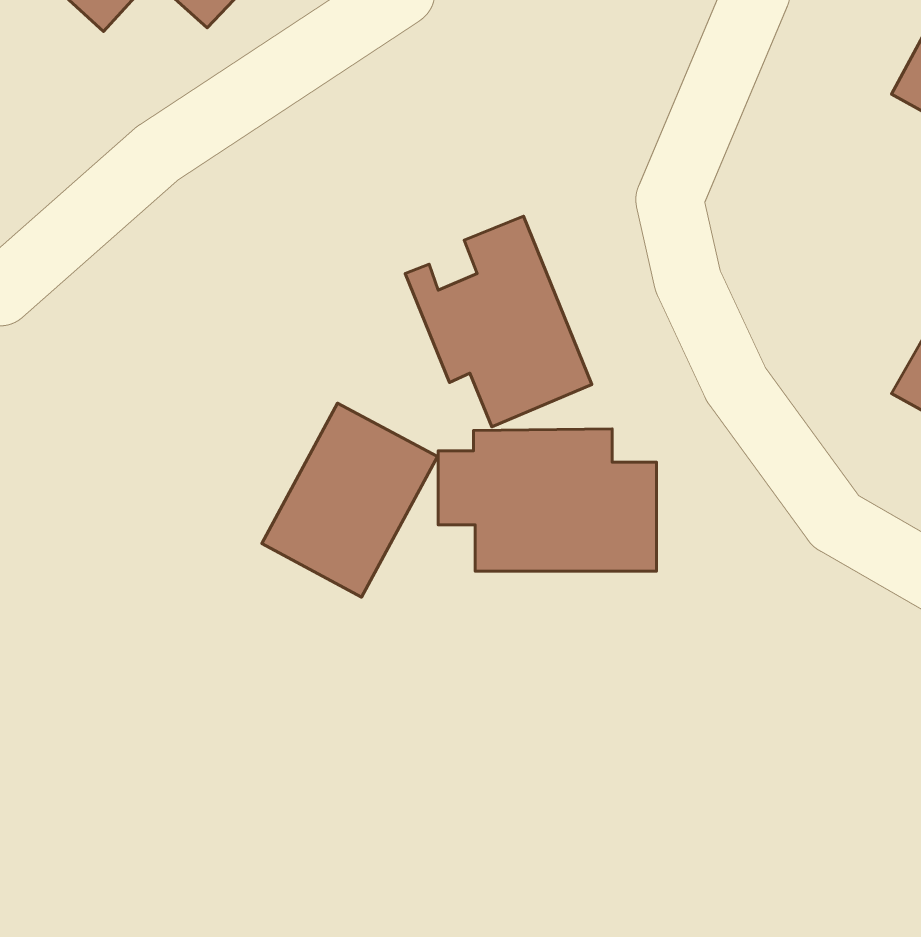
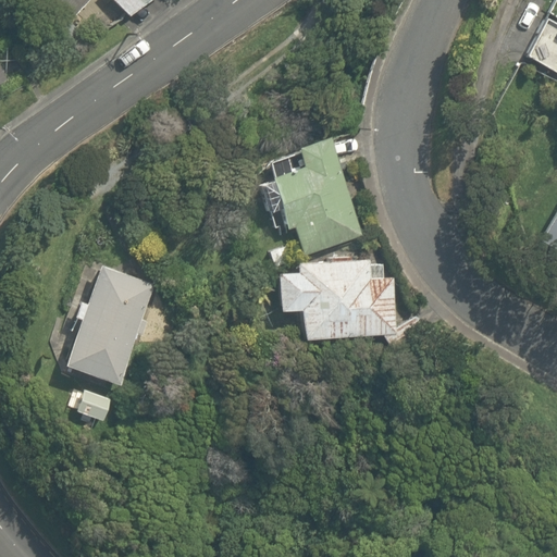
building: [262,403,437,597] -> [57,283,160,397]

